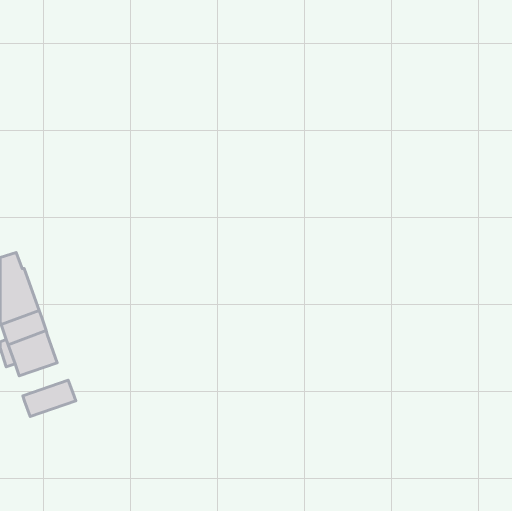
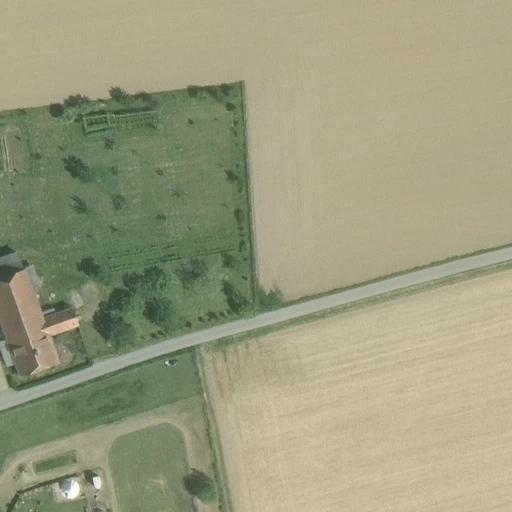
building: none -> [42,307,77,334]
building: [23,380,76,417] -> none

